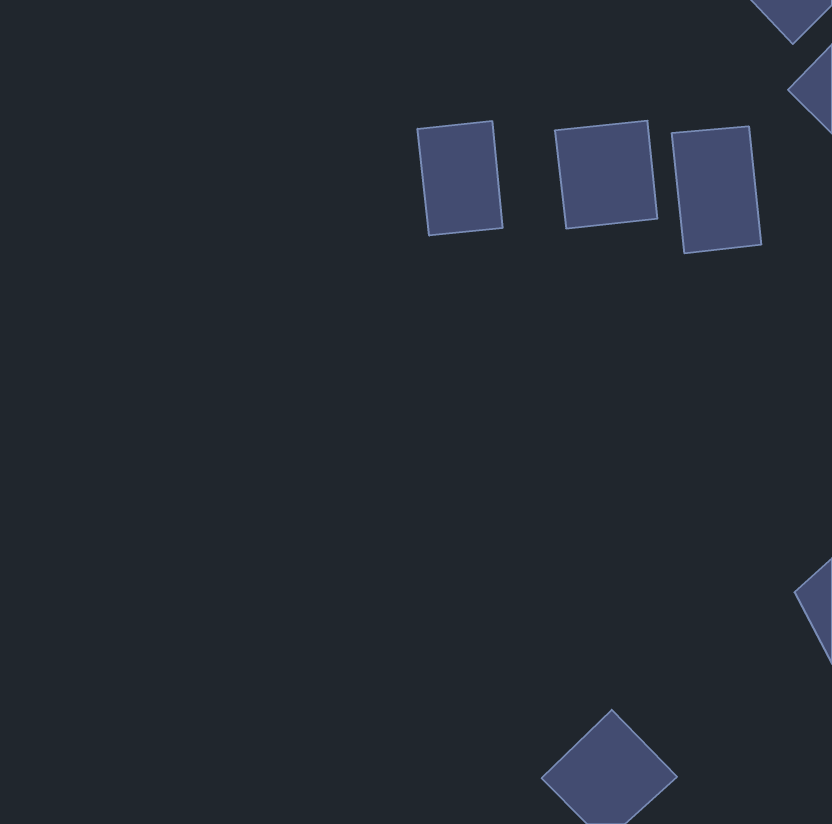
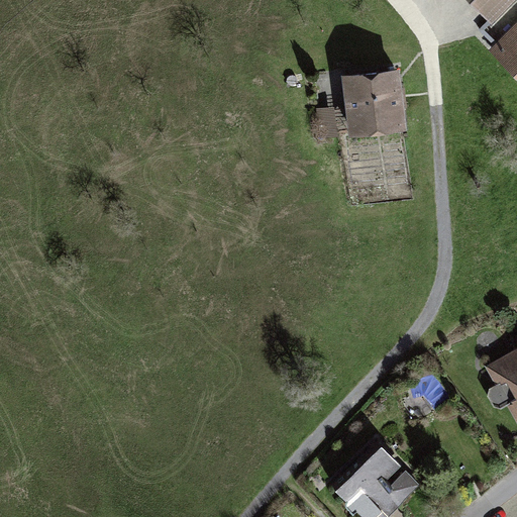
building: [418,121,502,236] -> none
building: [672,126,761,253] -> none

